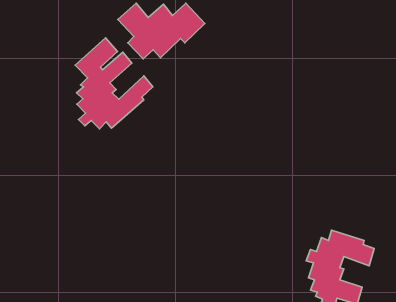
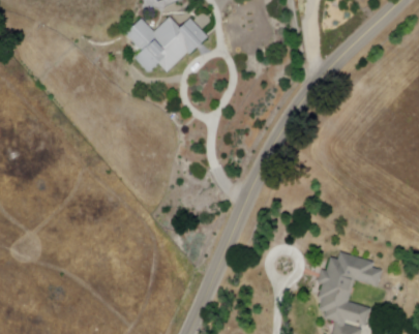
building: [75,38,153,129] -> none

